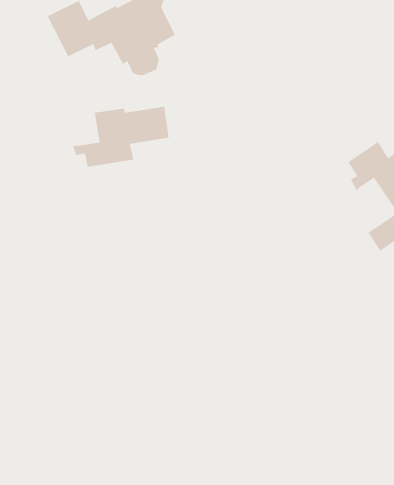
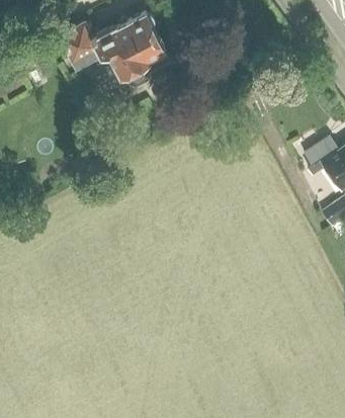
building: [73,106,169,167] -> none

